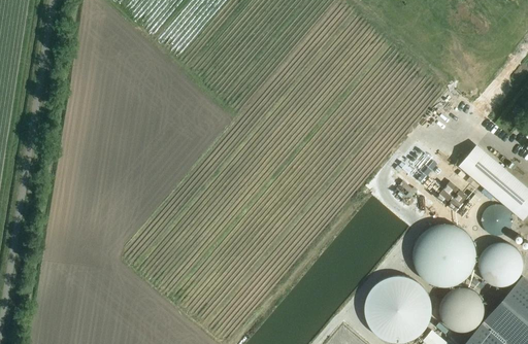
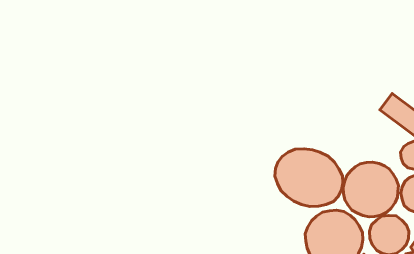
building: none -> [275,149,343,207]

